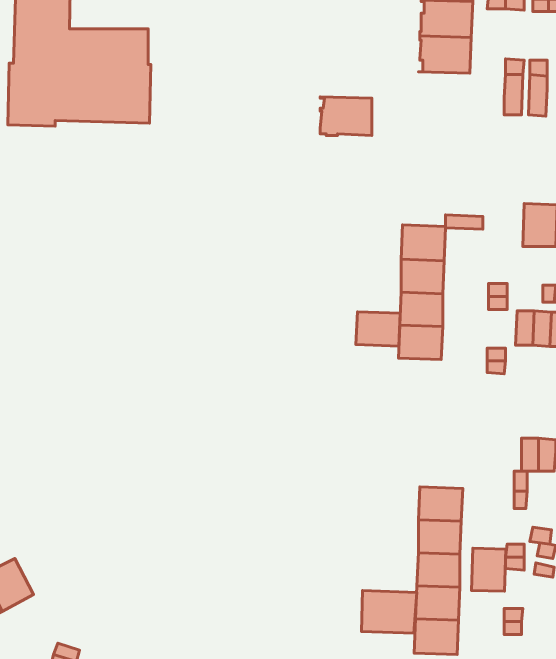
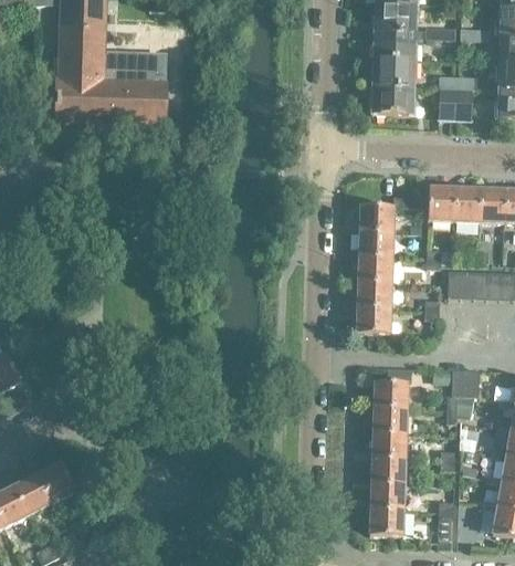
building: [320,97,372,135] -> [372,85,412,115]
building: none -> [428,186,454,220]
building: [356,312,400,346] -> [356,306,390,333]
building: none -> [374,380,408,407]
building: [472,548,506,591] -> none
building: [362,591,417,633] -> none

